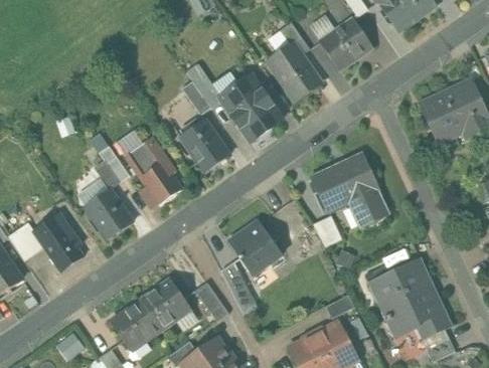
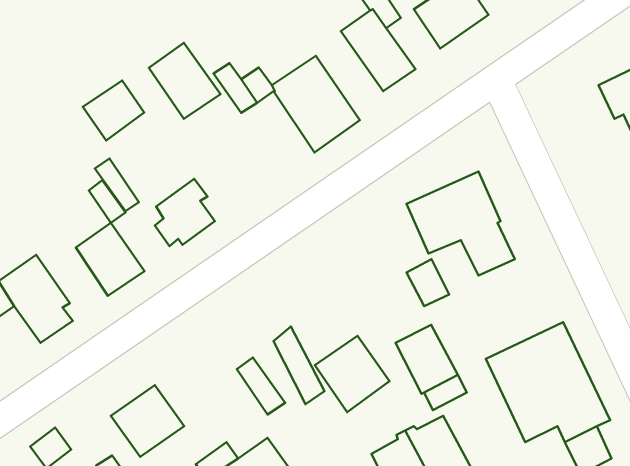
building: [421,95,456,137] -> none
building: [180,119,229,171] -> [149,43,221,119]
building: [125,137,167,178] -> [83,80,144,140]
building: [230,222,282,274] -> [315,336,390,412]
building: none -> [395,325,458,394]
building: [140,279,191,329] -> none

